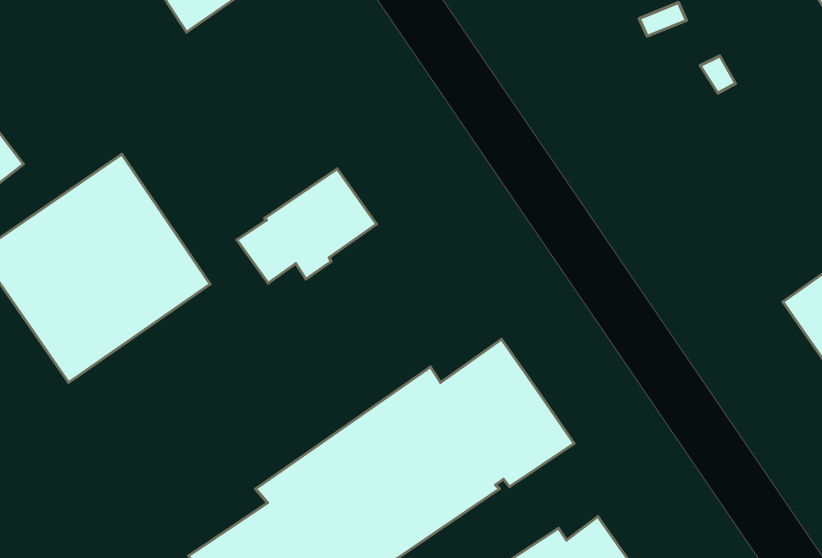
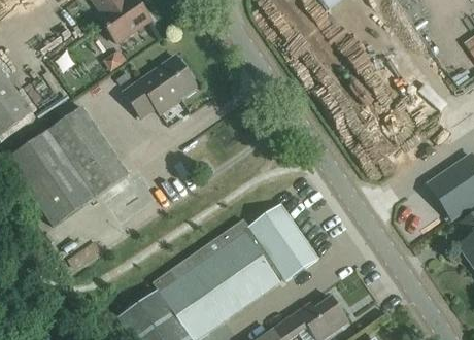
building: [237,169,377,283] -> [123,57,196,116]

